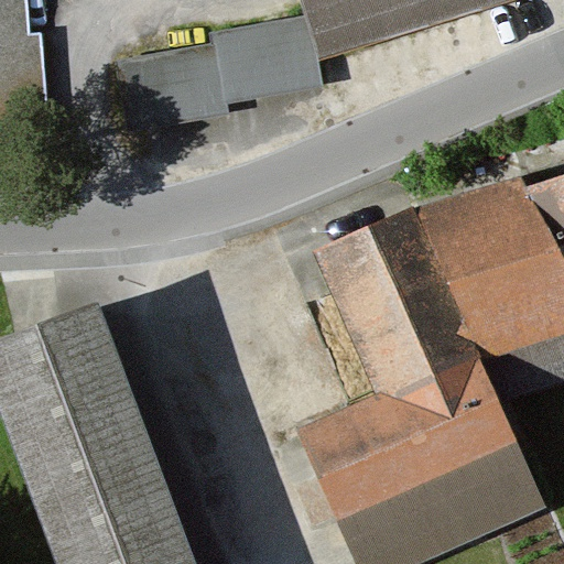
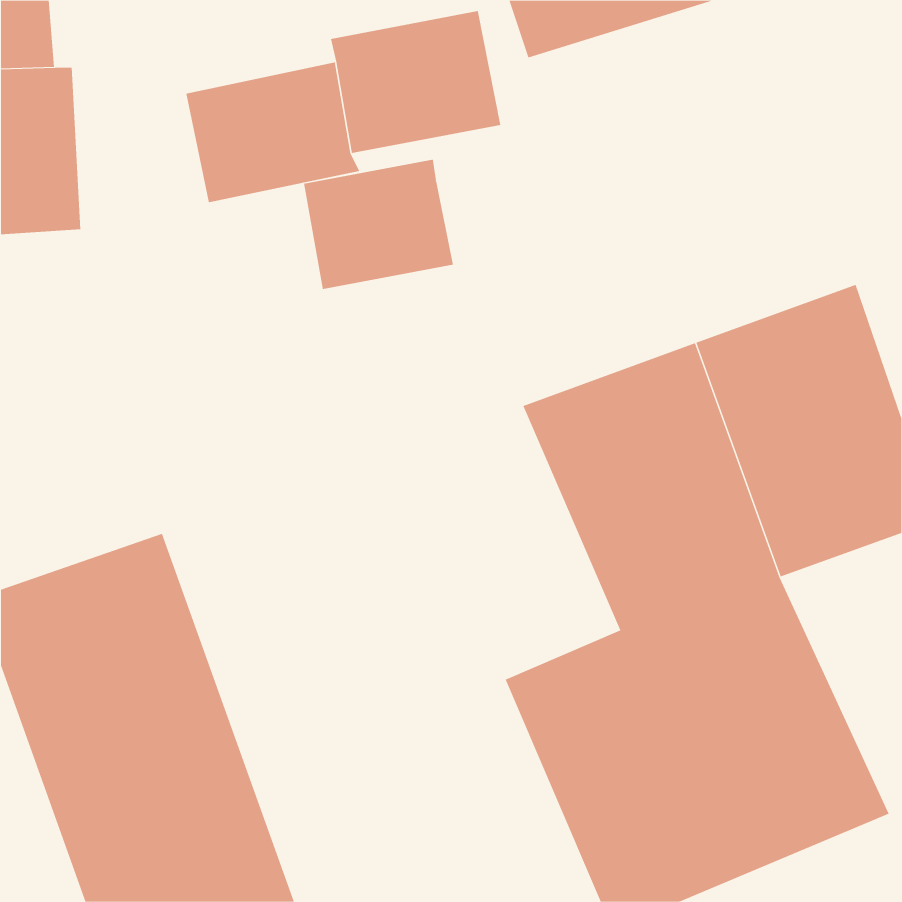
building: none -> [304,159,454,290]

